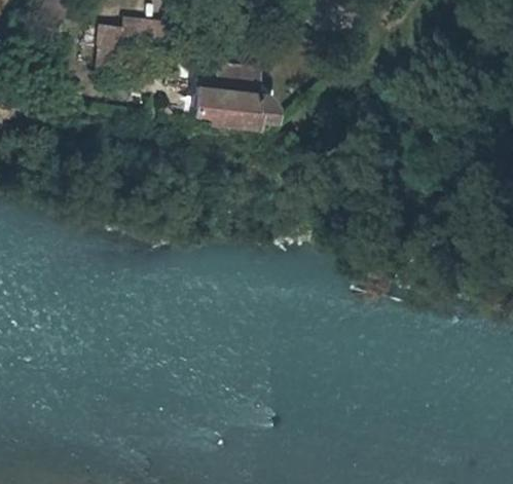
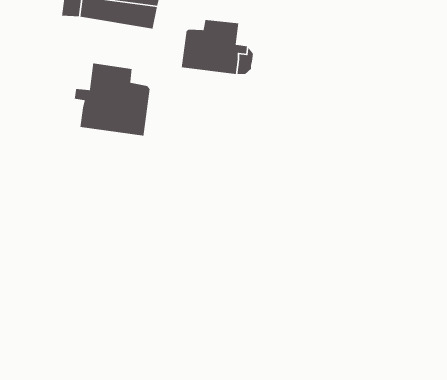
building: none -> [74,63,150,136]

